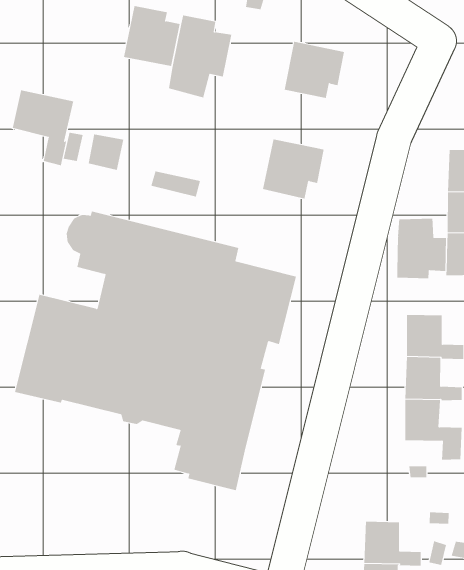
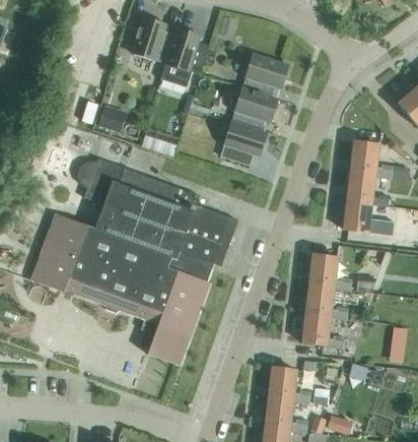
building: [12,90,74,166] -> none
building: none -> [230,87,277,130]
building: [397,218,447,279] -> none
building: none -> [268,367,309,402]

